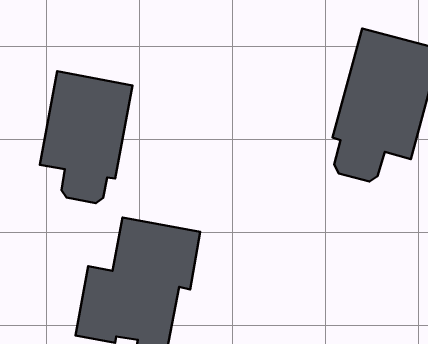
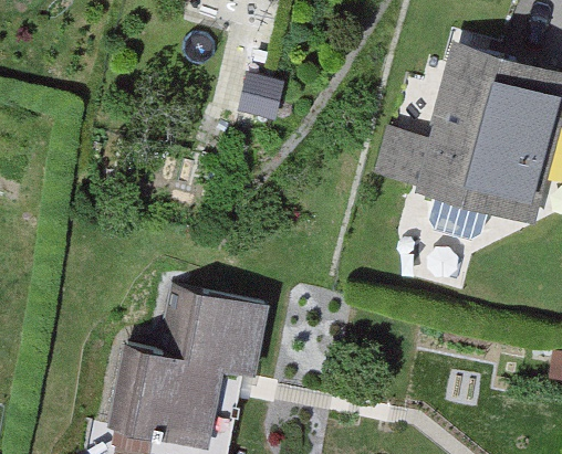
building: [40,71,132,203] -> none

